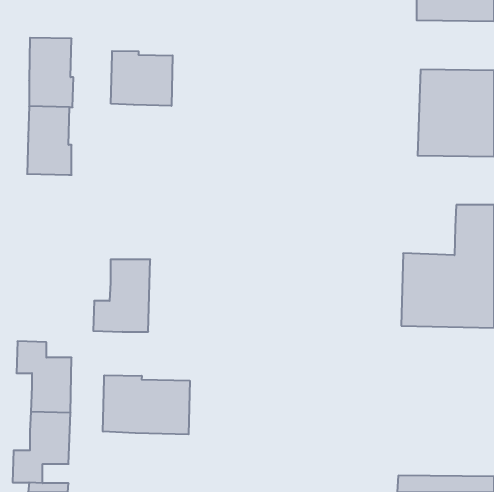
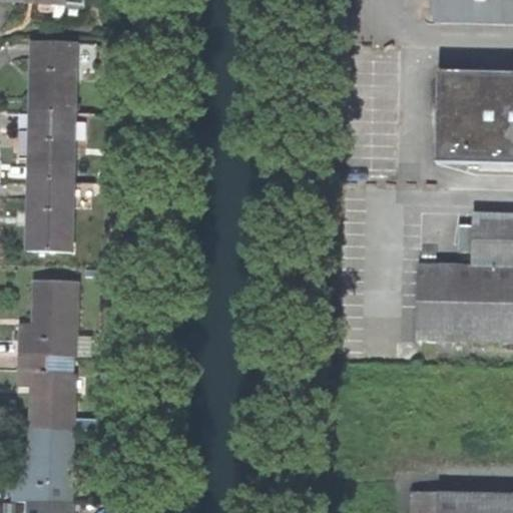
building: [111,51,173,106] -> none
building: none -> [27,180,73,250]
building: [93,259,150,332] -> [18,280,77,355]
building: [103,375,190,434] -> none

